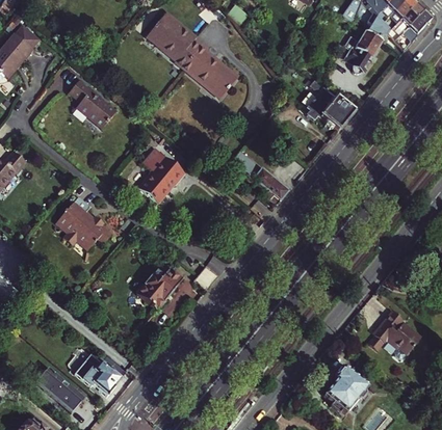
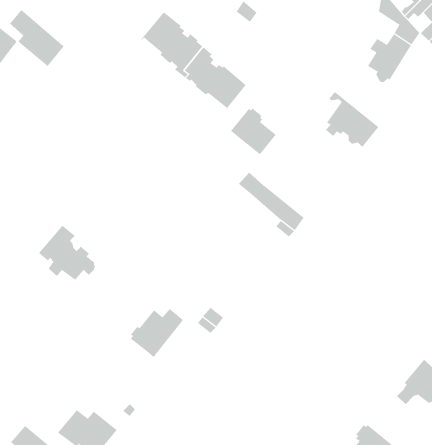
building: [70,79,118,129] -> [9,9,65,67]
building: none -> [230,107,277,155]
building: [138,156,185,204] -> none

